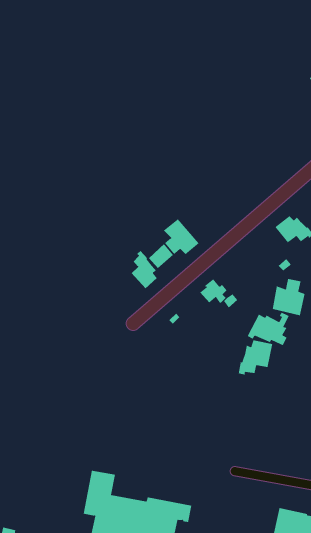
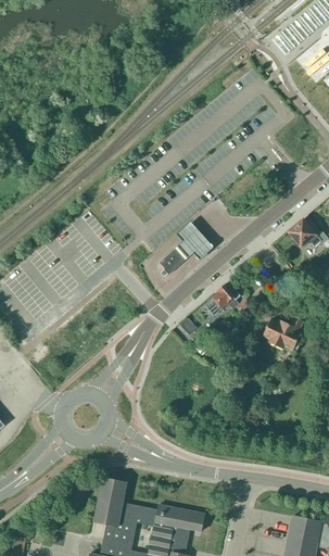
building: [131,250,157,289] -> none
building: [272,278,305,316] -> none
building: [238,340,273,375] -> none

